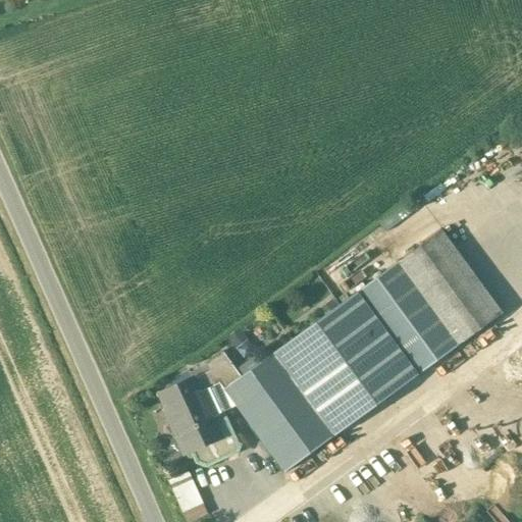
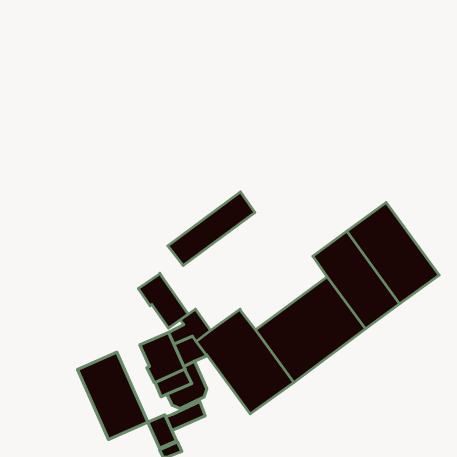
building: [274,292,373,375] -> [168,192,255,265]
building: none -> [138,273,188,328]
building: none -> [78,352,148,439]
building: none -> [166,402,205,430]

